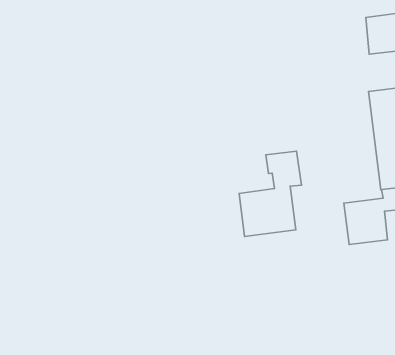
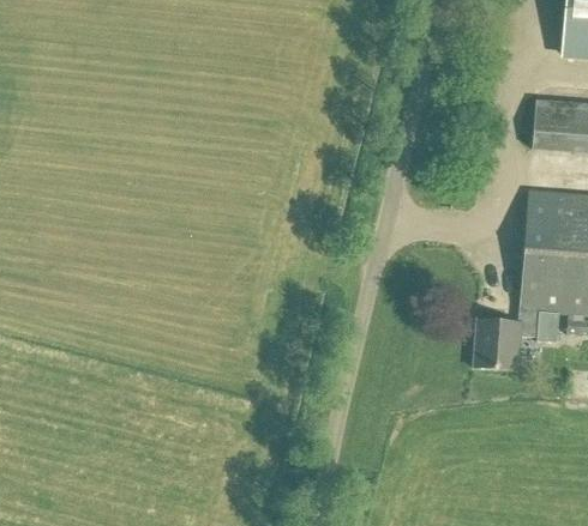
building: [239,151,301,236] -> none

